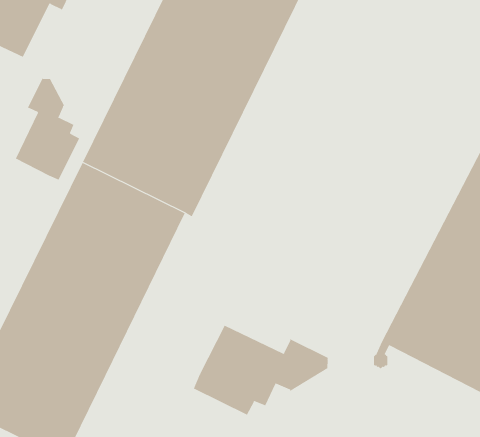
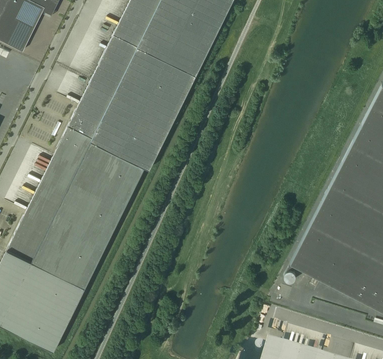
building: [15,77,80,181] -> none
building: [193,325,329,415] -> none

